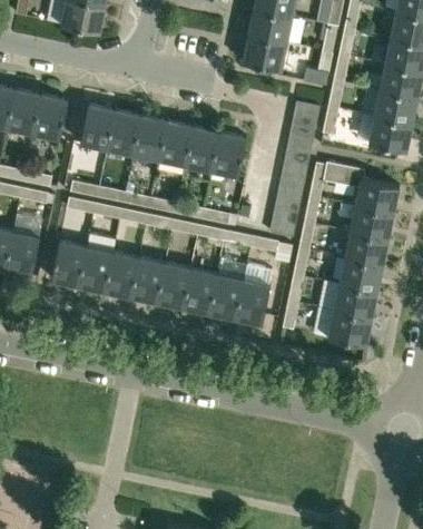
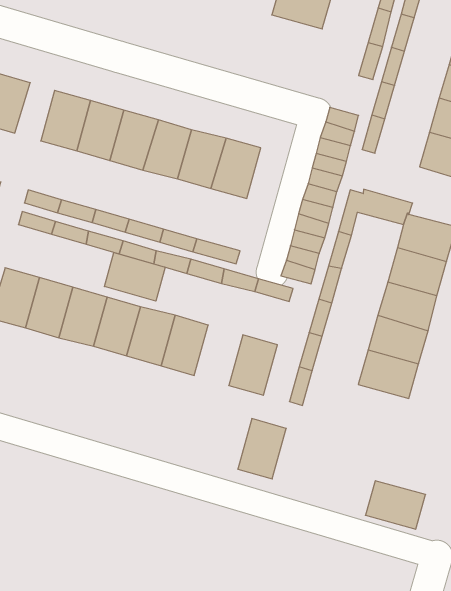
building: [242,36,286,70] -> none
building: none -> [104,253,165,301]
building: [208,274,243,319] -> [238,419,286,479]
building: [327,311,372,345] -> [365,481,426,529]

